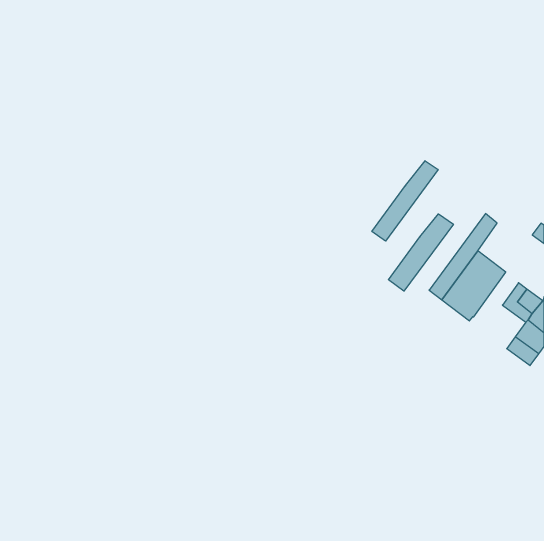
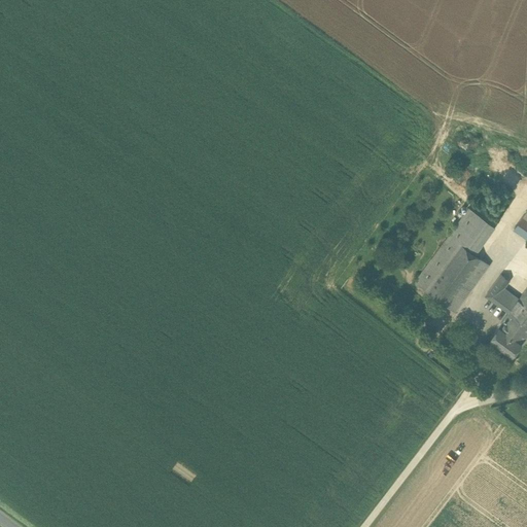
building: [372,161,438,241] -> none
building: [388,214,453,291] -> none
building: none -> [462,218,495,255]

